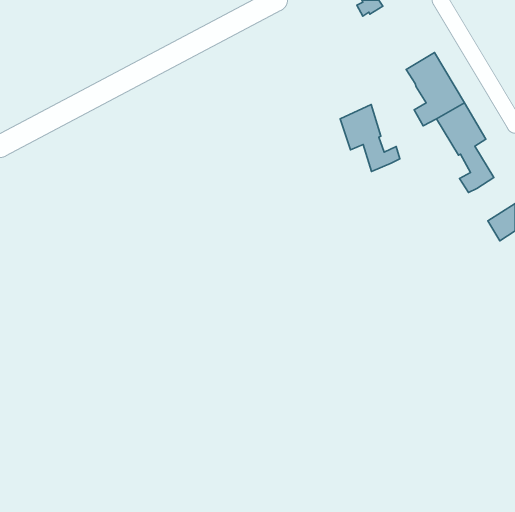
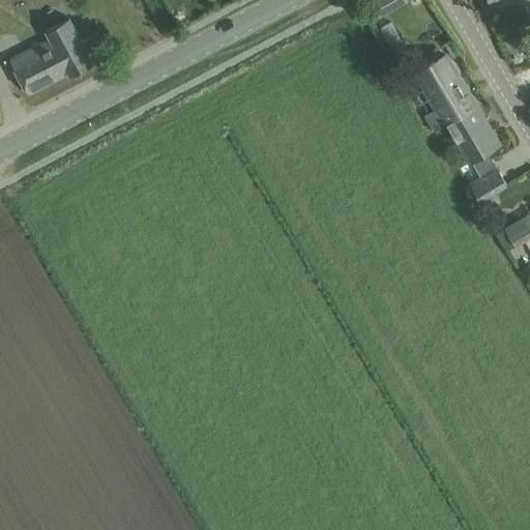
building: none -> [8,20,94,95]
building: [340,105,400,171] -> none

